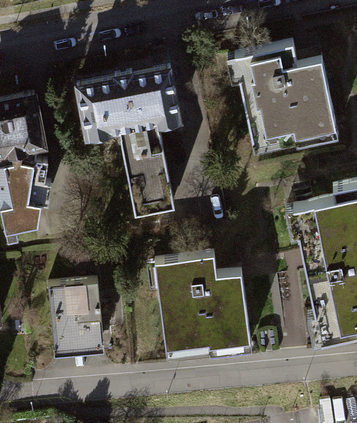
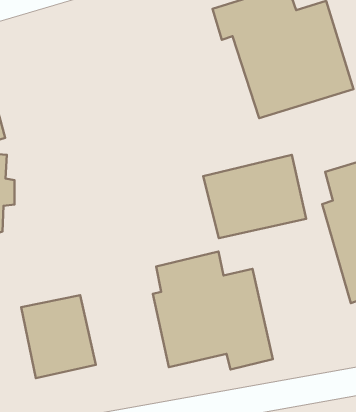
building: [77,72,178,212] -> none
building: none -> [203,155,306,238]

